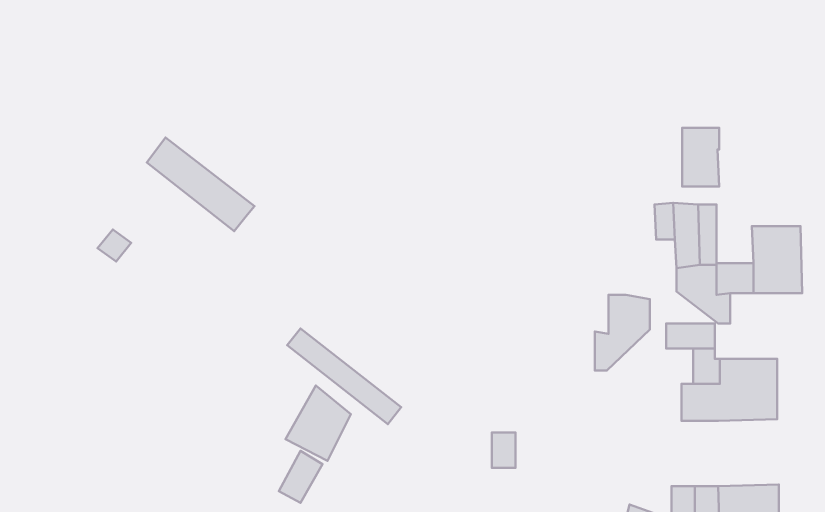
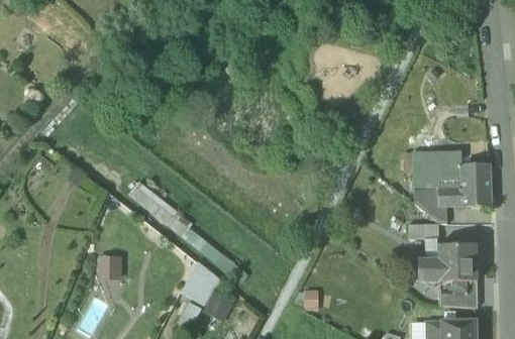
building: [682,128,719,186] -> [439,152,461,188]
building: [147,137,254,231] -> [128,181,193,237]
building: [595,295,650,370] -> none
building: none -> [97,256,122,280]
building: none -> [440,281,478,309]
building: none -> [202,293,234,323]

